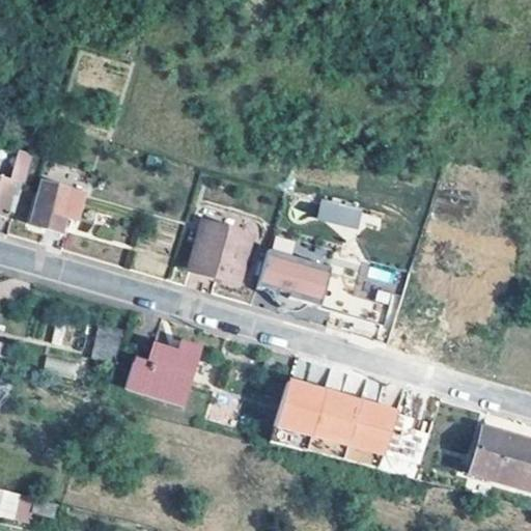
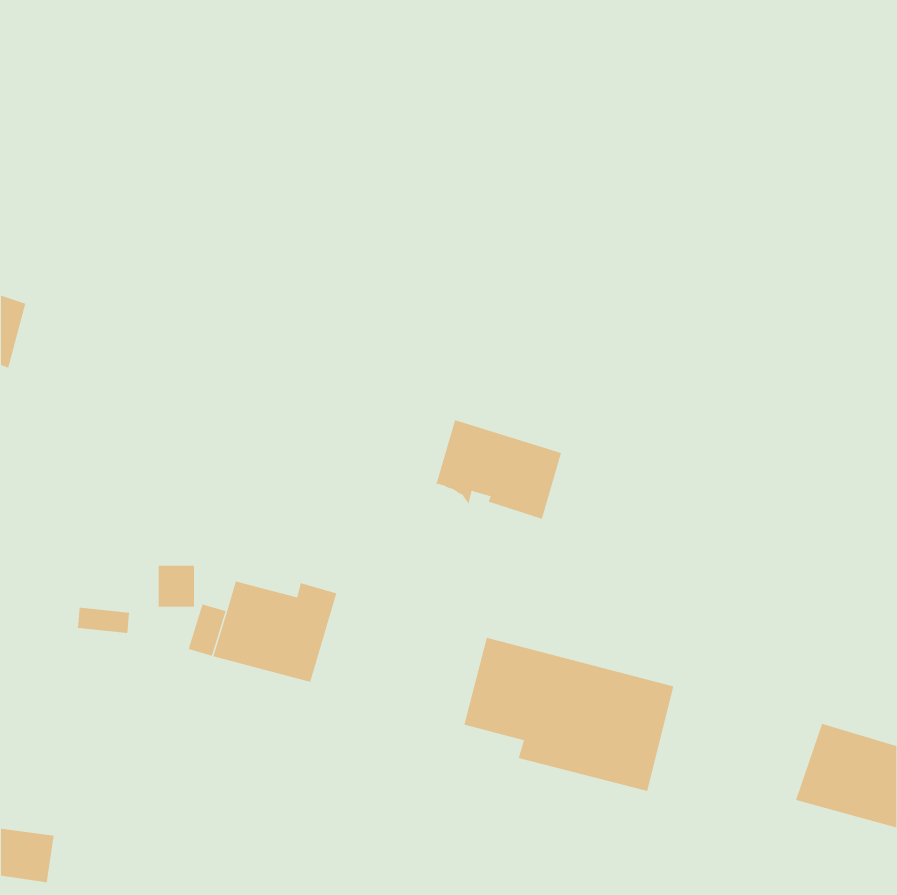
building: [30,181,84,233] -> none
building: [317,199,362,227] -> none
building: [193,223,252,282] -> none

